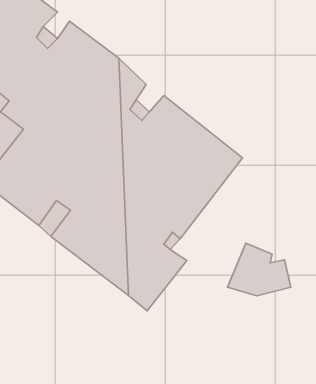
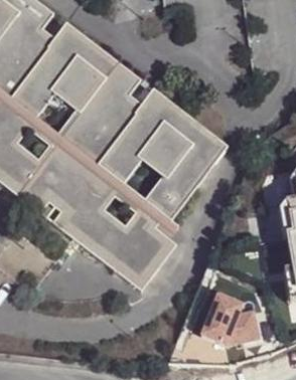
building: [227,243,291,296] -> [203,292,262,340]

